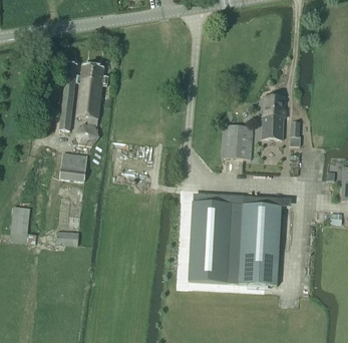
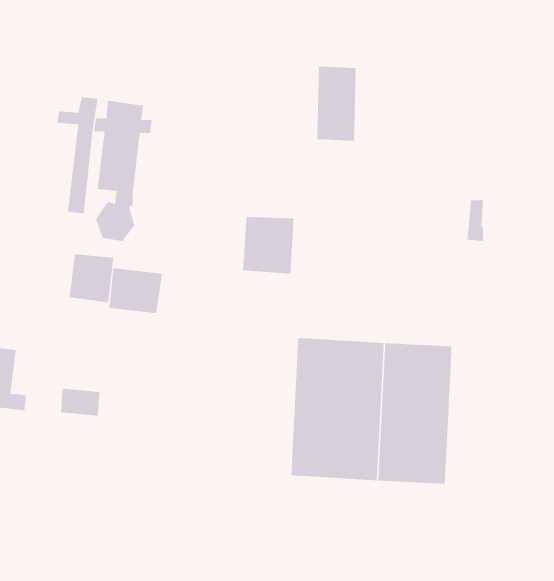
building: [261,95,284,138] -> [317,66,357,141]
building: [222,124,252,157] -> [242,217,295,274]
building: none -> [109,267,162,314]

